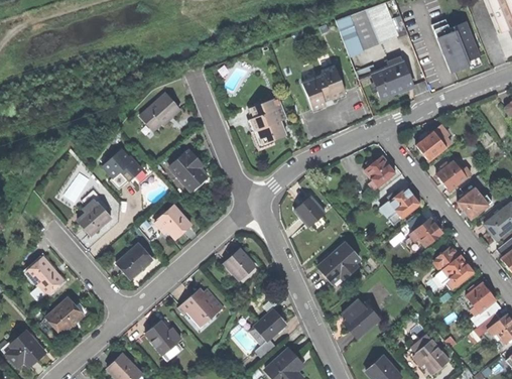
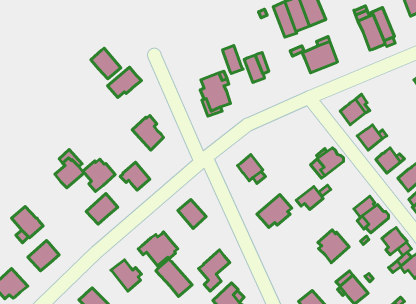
building: [323,66,347,99] -> [223,45,243,73]
building: none -> [91,48,121,79]
building: [104,150,142,188] -> [83,159,115,191]
building: [365,156,395,190] -> none
building: [410,218,442,245] -> [296,186,323,209]
building: [342,299,379,339] -> [318,230,349,263]
building: none -> [156,259,192,296]

